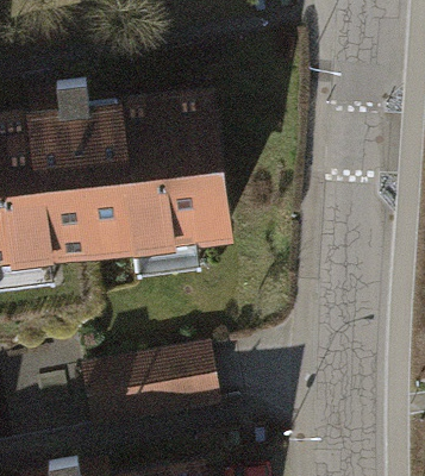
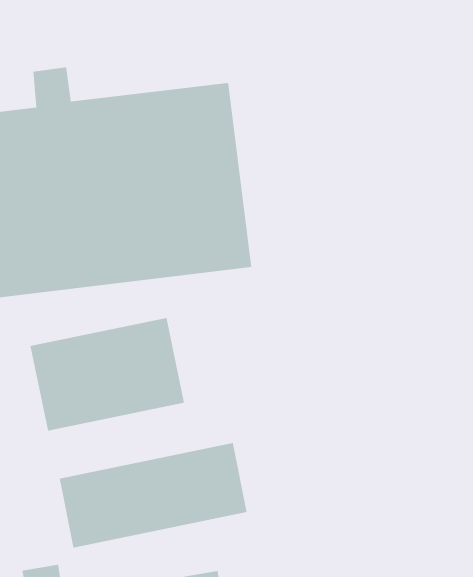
building: none -> [29,317,185,431]

